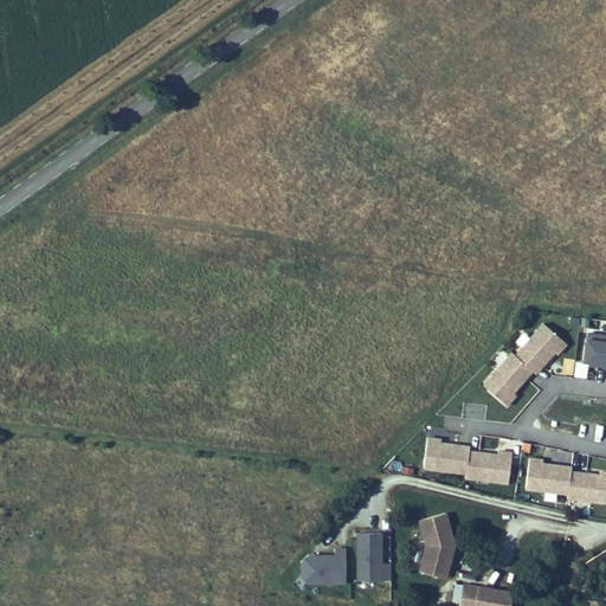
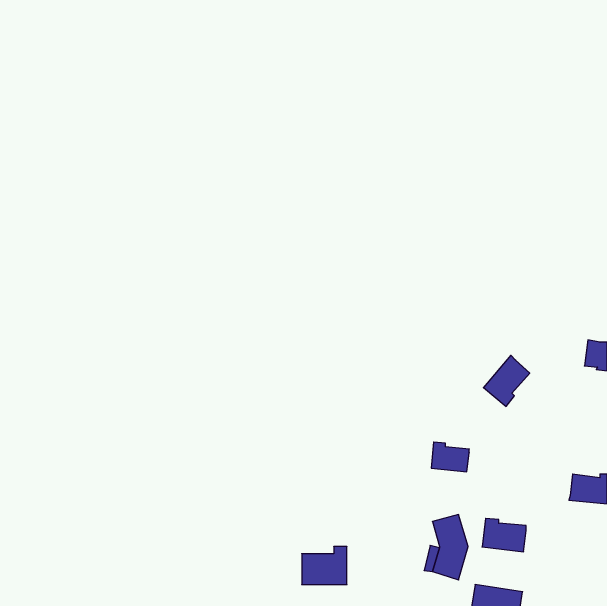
building: [514,328,563,376] -> none
building: [465,452,503,478] -> none
building: [527,462,570,495] -> [482,518,526,552]
building: [353,530,391,592] -> none

